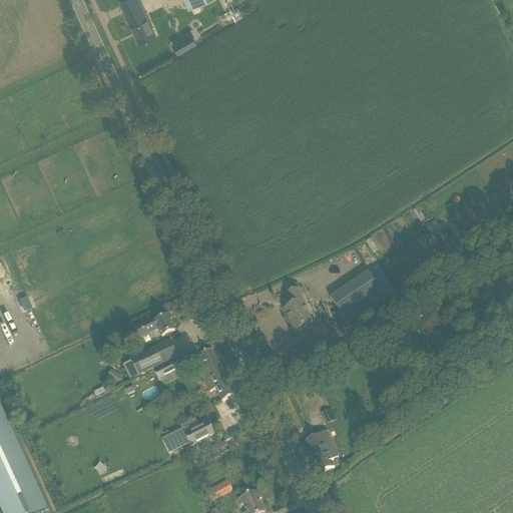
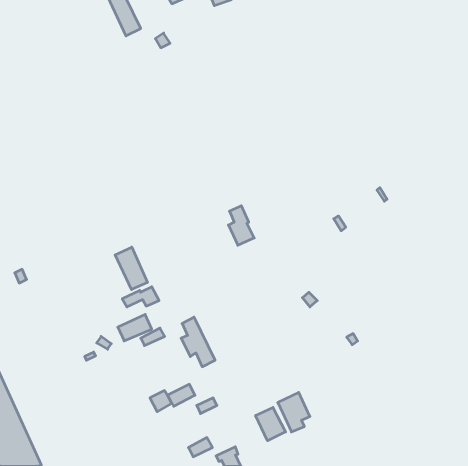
building: [328,269,384,321] -> none
building: none -> [115,247,147,290]
building: [283,286,311,329] -> [228,206,254,245]
building: none -> [256,407,286,441]

